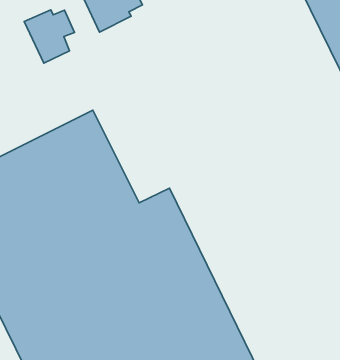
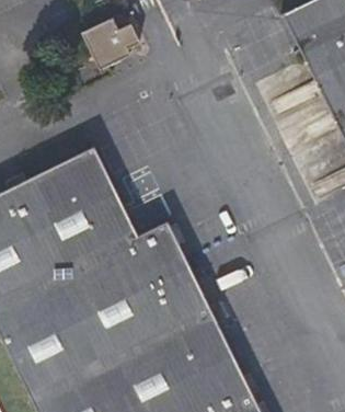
building: [24,10,75,63] -> none

